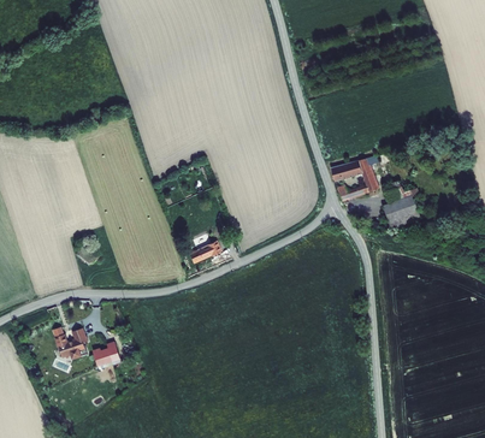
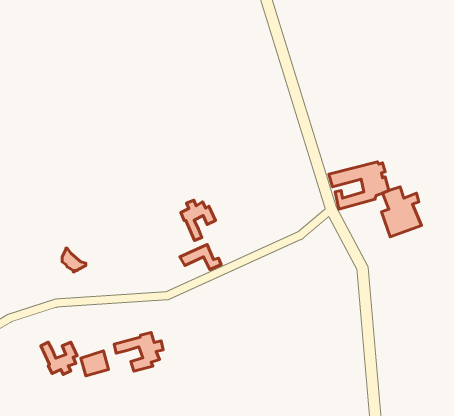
building: none -> [181,200,215,240]
building: none -> [114,333,163,371]

